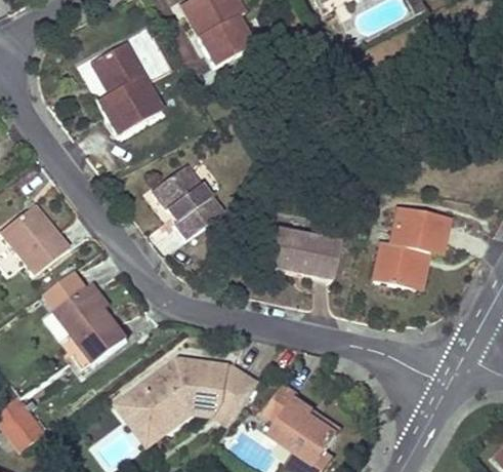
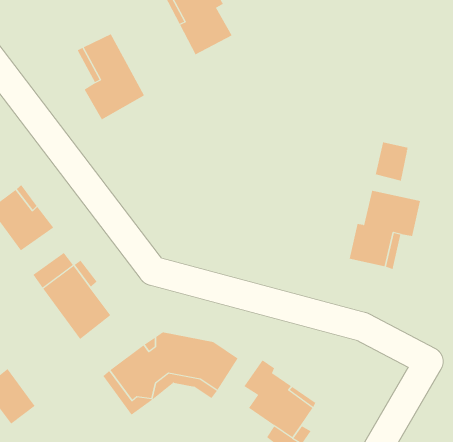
building: none -> [375,141,408,181]
building: [152,164,220,239] -> none
building: [265,227,337,280] -> none

